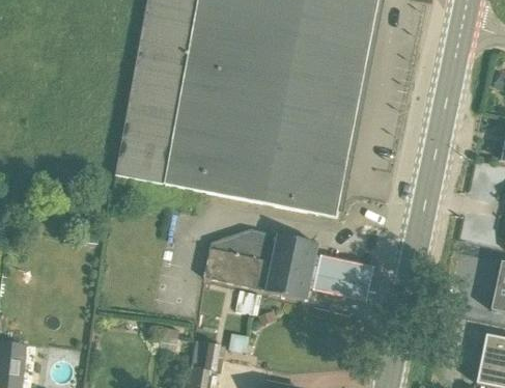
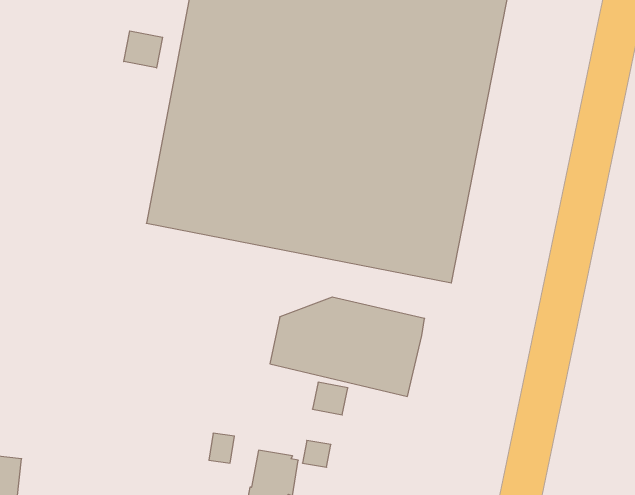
building: none -> [124,31,163,68]
building: [307,255,372,300] -> none

